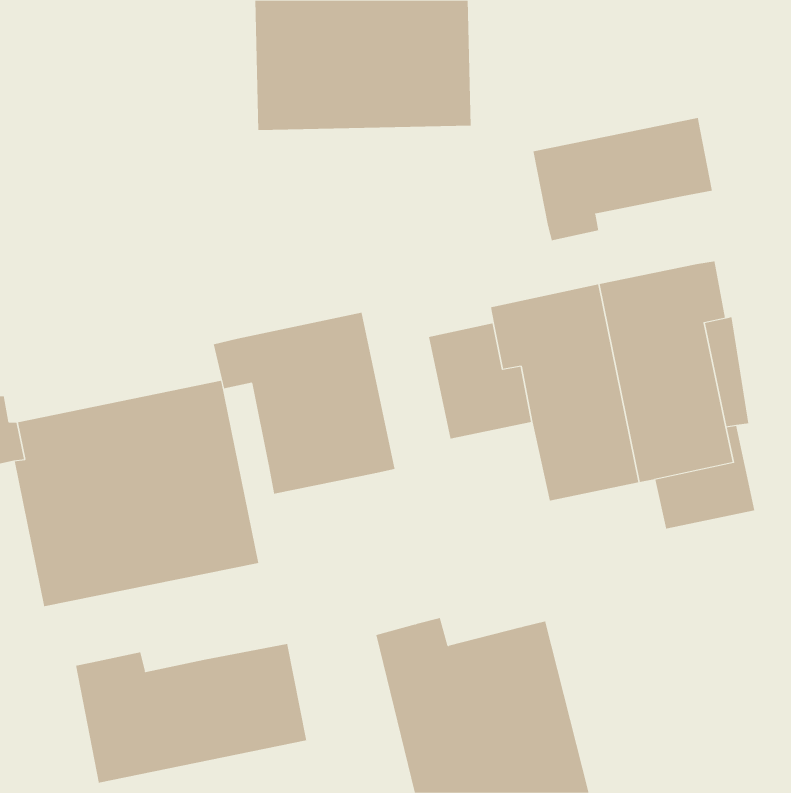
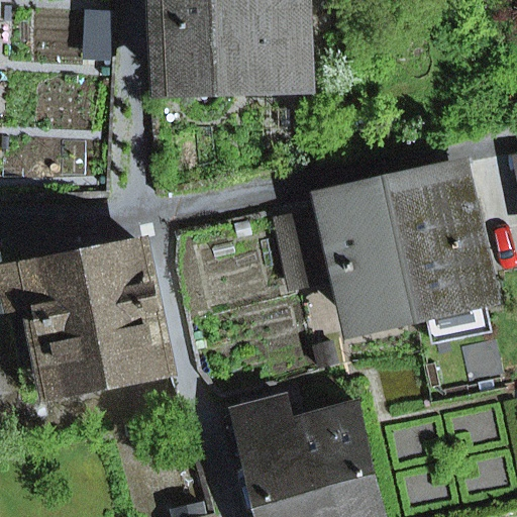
building: [533,117,712,241] -> none
building: [213,312,395,495] -> none
building: [76,643,307,783] -> none

